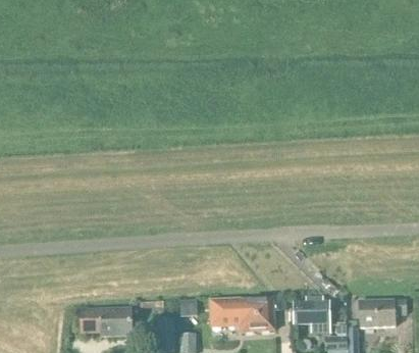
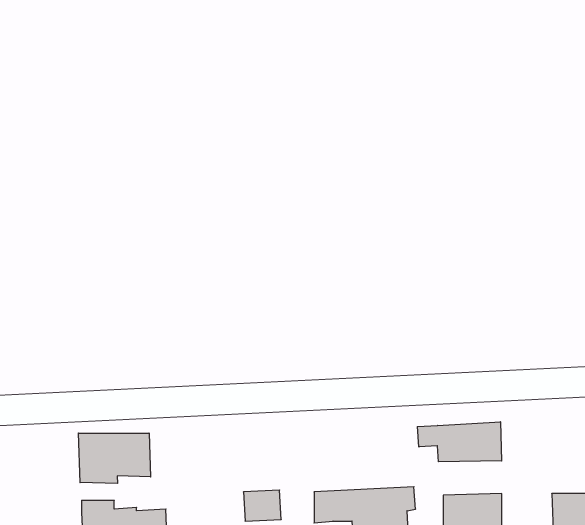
building: none -> [417,422,502,462]
building: none -> [78,433,151,483]

